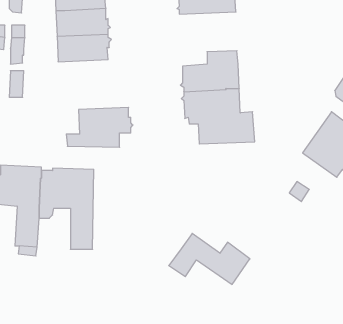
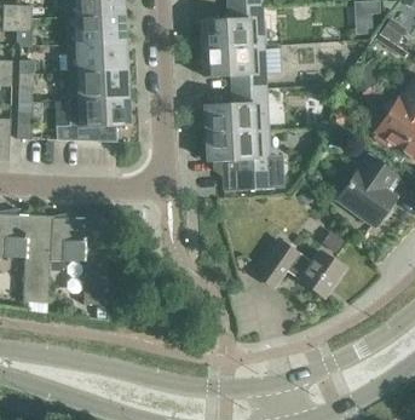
building: none -> [200,45,265,88]
building: [66,107,133,147] -> [57,97,129,140]
building: [169,233,250,284] -> [255,240,344,295]

